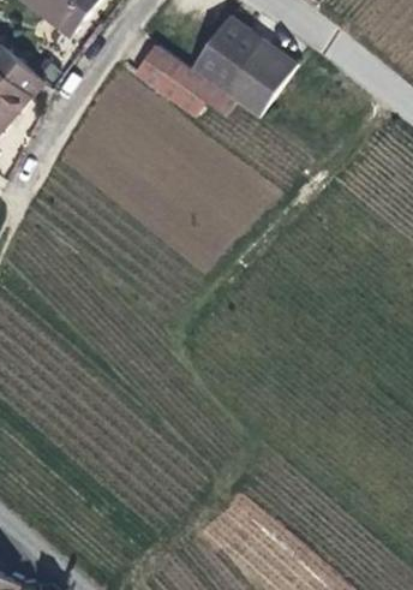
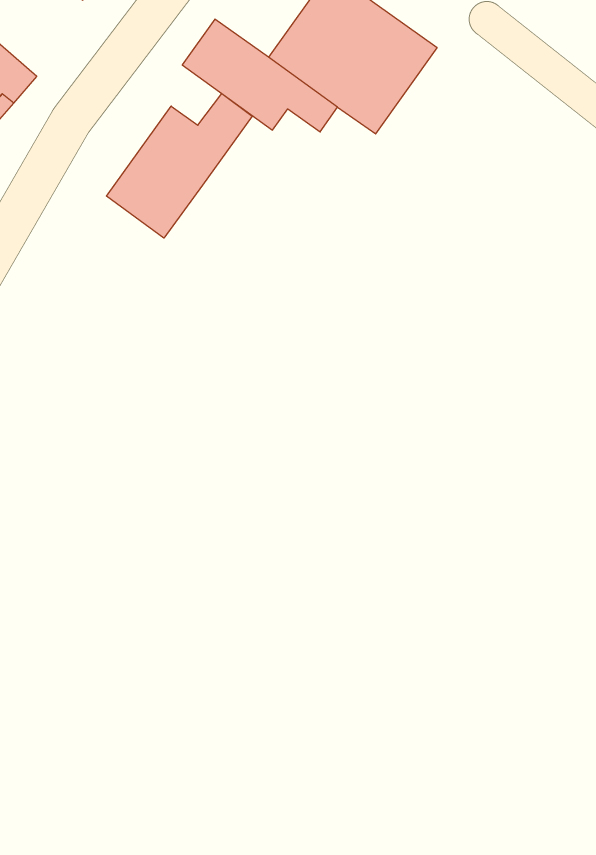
building: none -> [106,93,252,238]

